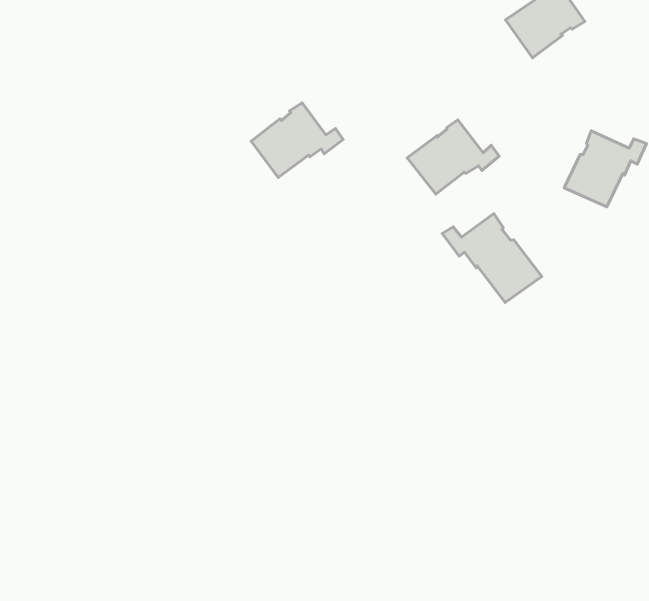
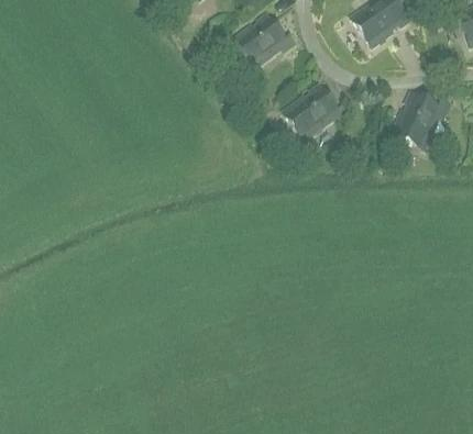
building: [251,103,343,178] -> [234,16,298,68]
building: [442,213,542,303] -> none

